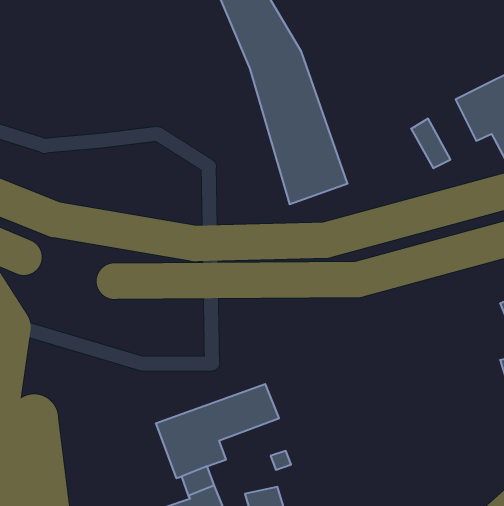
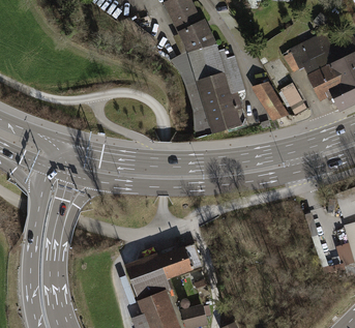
building: none -> [284,35,323,66]
building: none -> [250,81,288,119]

